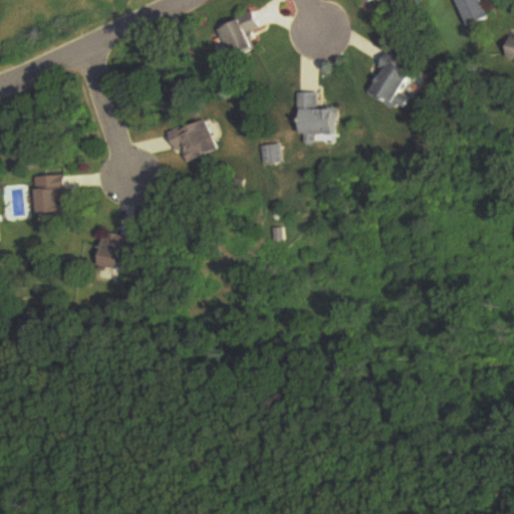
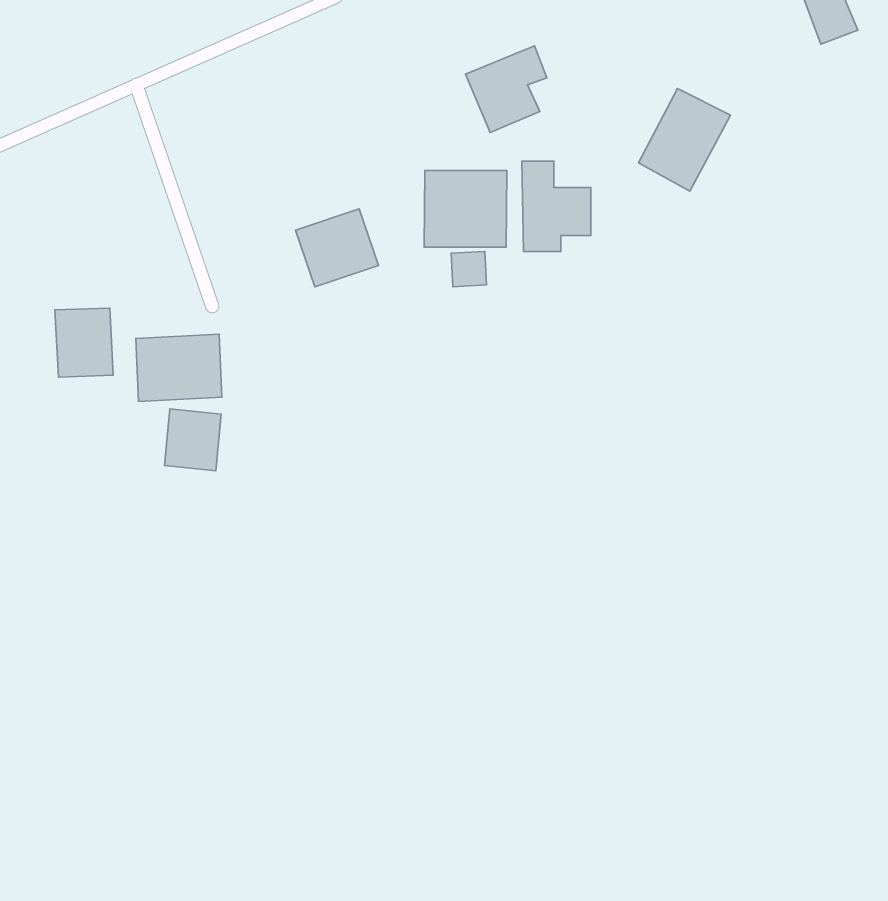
building: [213,10,259,59] -> [466,46,547,133]
building: none -> [424,171,507,247]
building: none -> [136,334,222,401]

